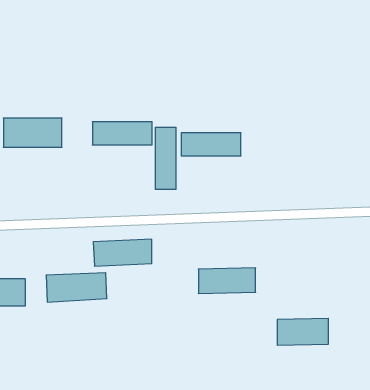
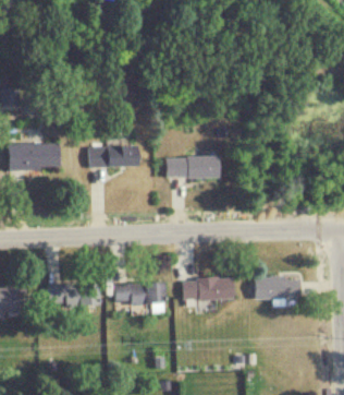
building: [155,127,176,189] -> none
building: [93,239,152,266] -> [113,280,165,304]
building: [277,318,328,345] -> [254,275,299,299]

